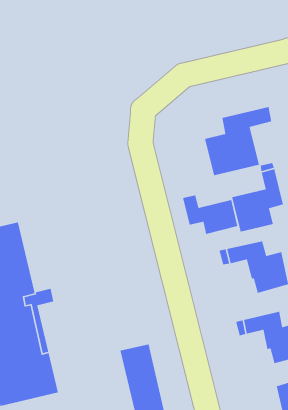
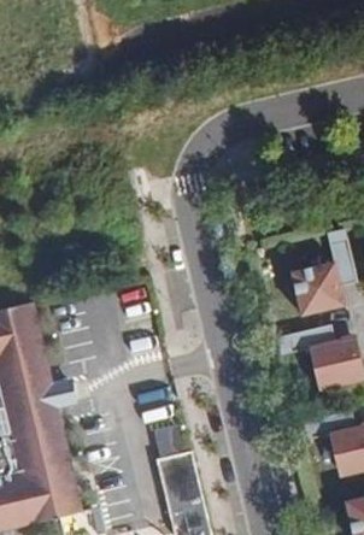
building: [204,106,272,176] -> none
building: [182,194,238,235] -> none

